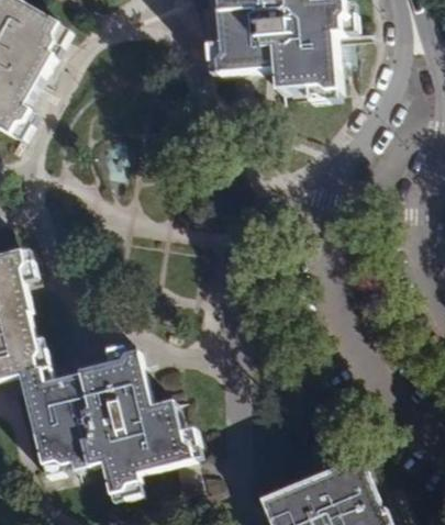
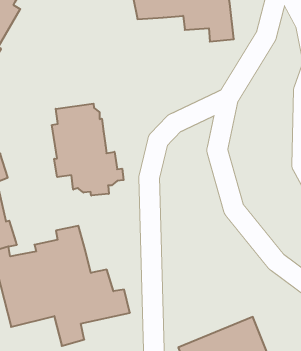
building: none -> [52,104,124,196]

